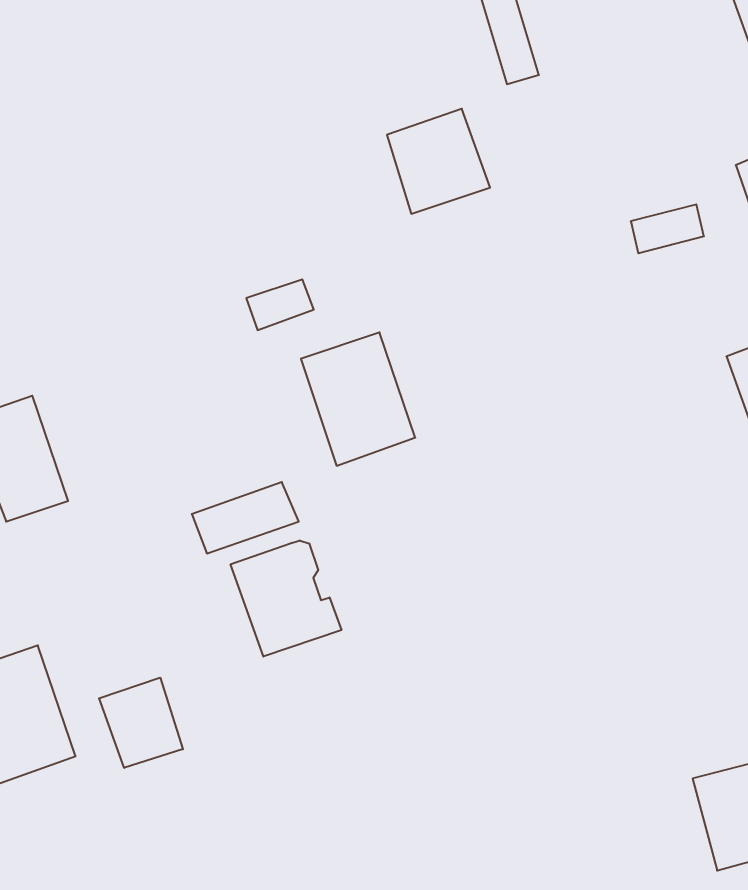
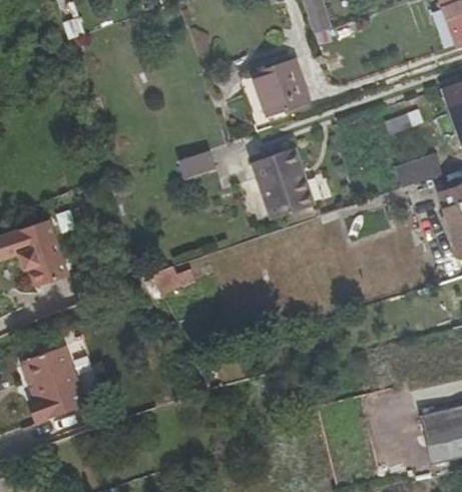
building: none -> [391,156,436,189]
building: [301,332,415,466] -> [252,149,313,220]
building: [231,540,341,657] -> none
building: [99,678,183,768] -> none

